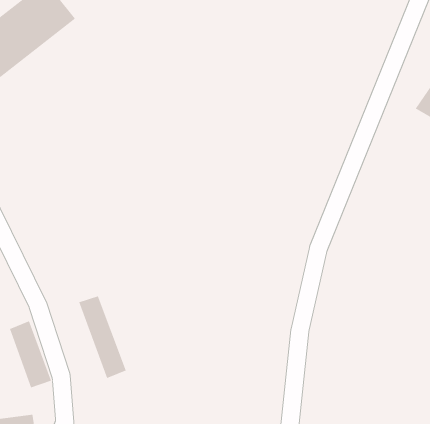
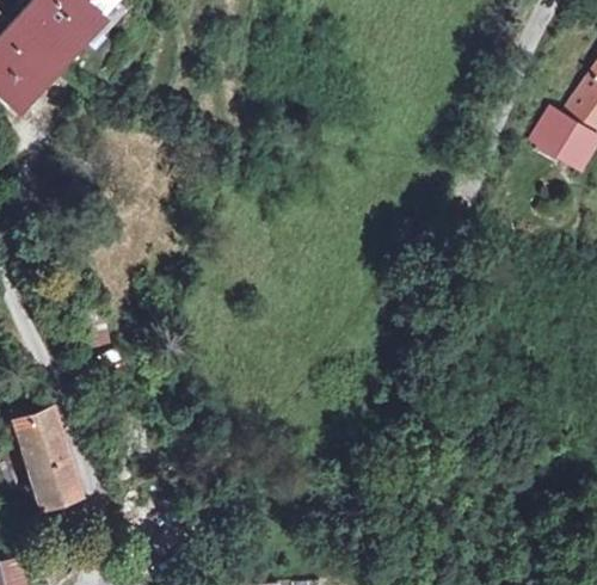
building: [78,296,126,379] -> none

